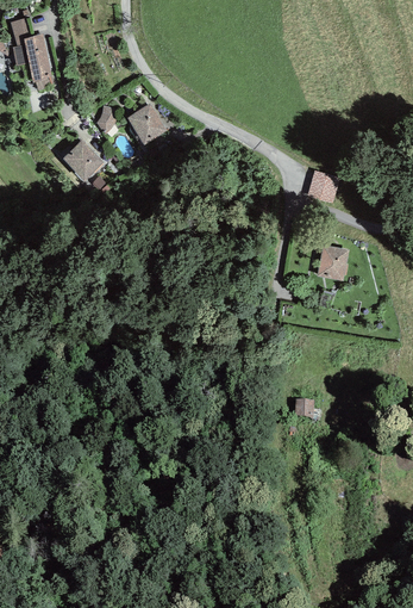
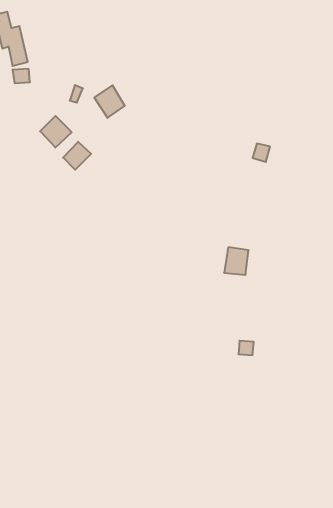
building: none -> [63,142,91,170]
building: [319,246,348,278] -> [224,247,249,275]

